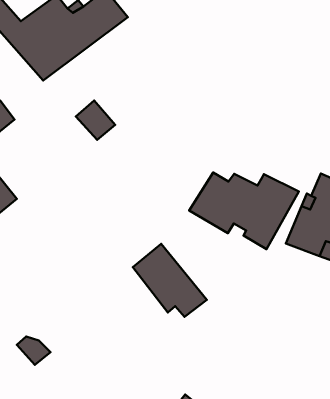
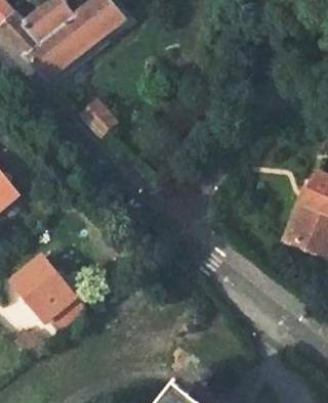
building: [189,172,299,249] -> none
building: [133,244,207,317] -> [13,253,85,323]

